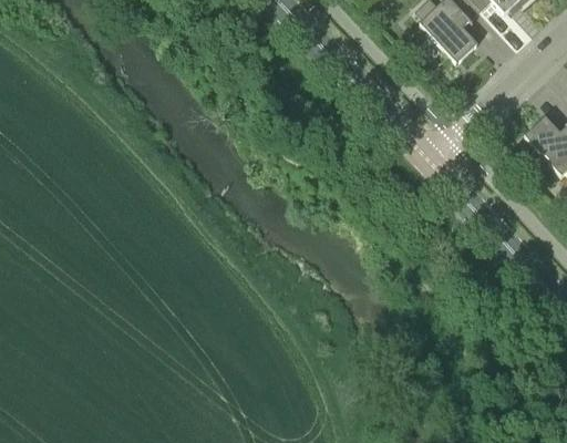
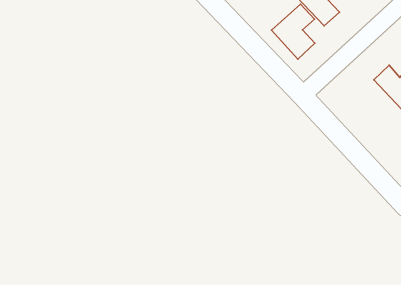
building: none -> [271,4,315,59]

